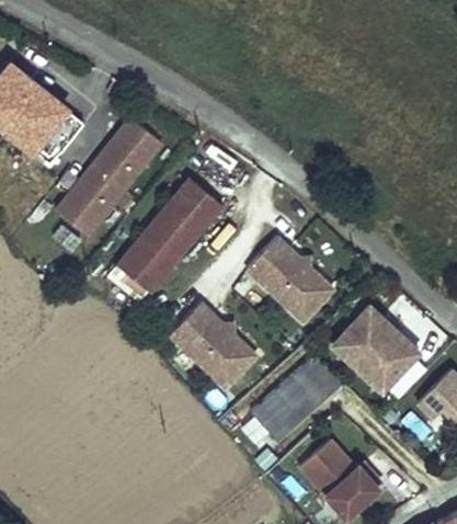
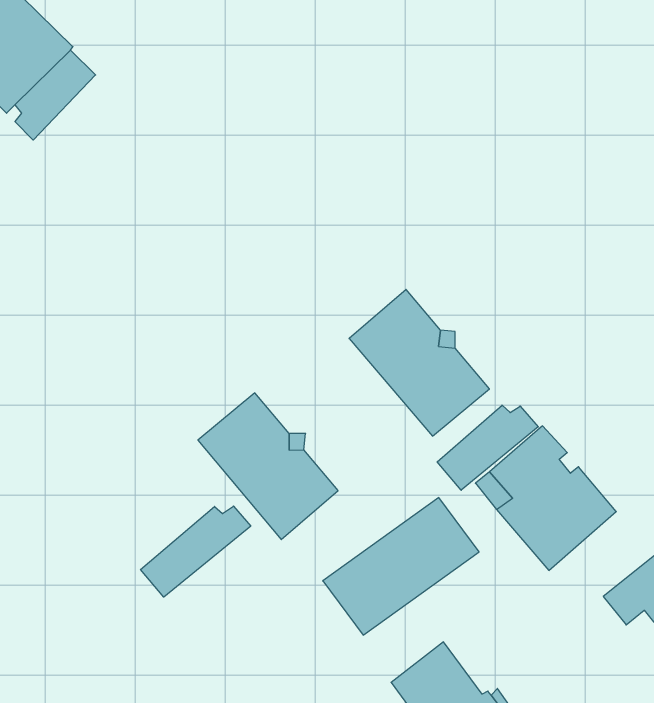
building: [54,117,161,235] -> none
building: [119,181,225,295] -> none
building: none -> [437,405,538,490]
building: none -> [141,506,251,597]

